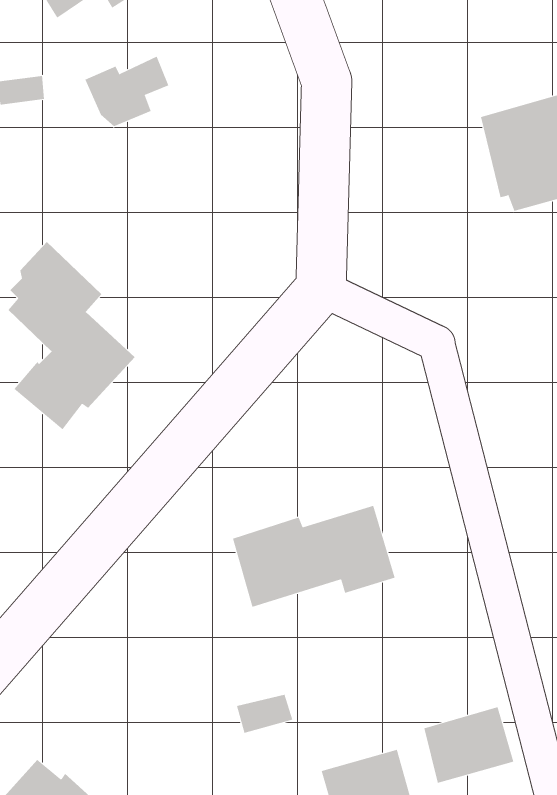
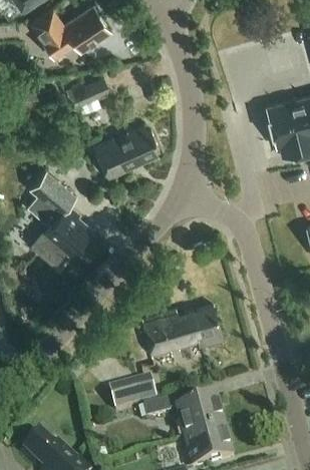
building: none -> [93,124,158,176]
building: none -> [109,375,157,410]
building: [423,707,514,783] -> [179,399,225,438]

